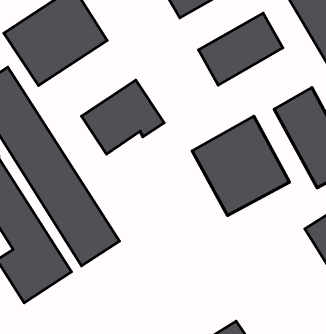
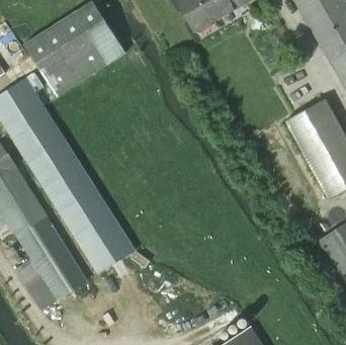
building: [199,13,283,85] -> none
building: [81,80,164,154] -> none
building: [192,116,289,216] -> none

